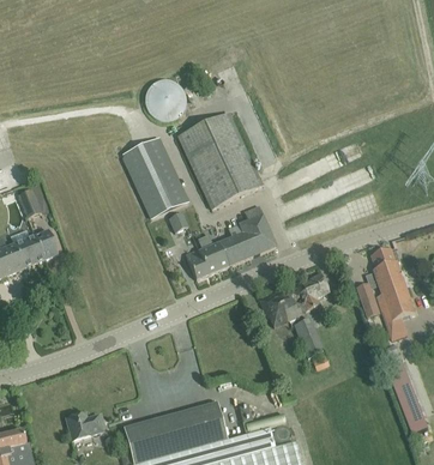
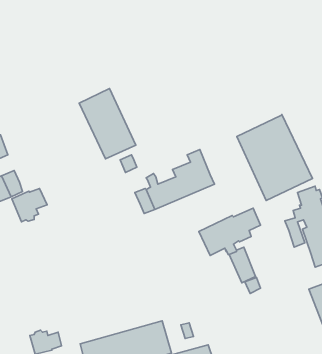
building: [145,79,186,121] -> none
building: [177,111,264,210] -> [237,114,312,201]
building: none -> [12,189,47,222]

